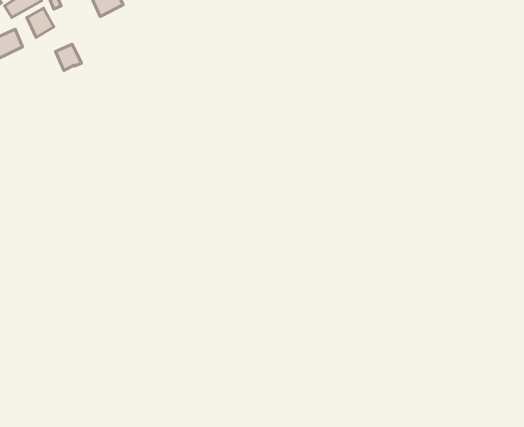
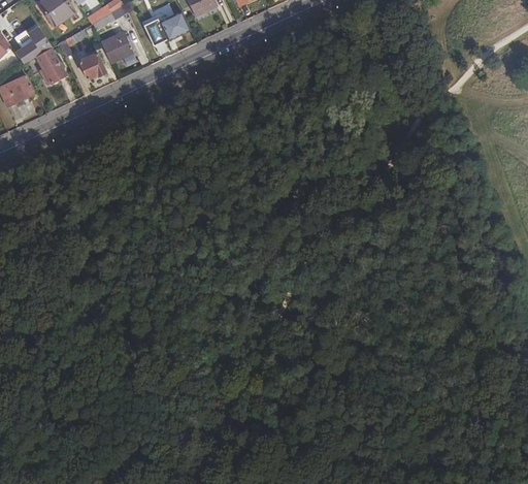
building: [55,44,82,70] -> [78,53,104,78]

